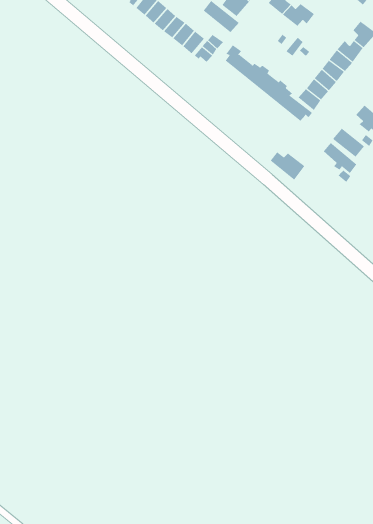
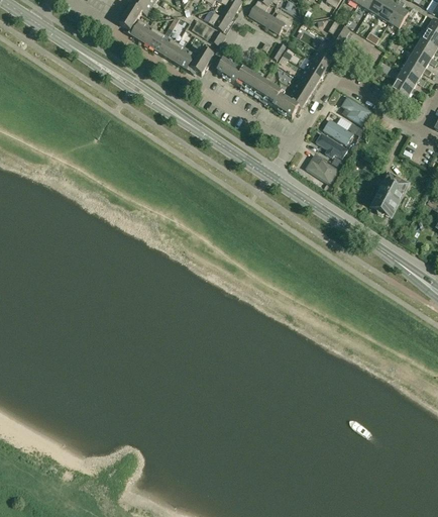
building: [270,151,305,181] -> [304,159,336,183]

